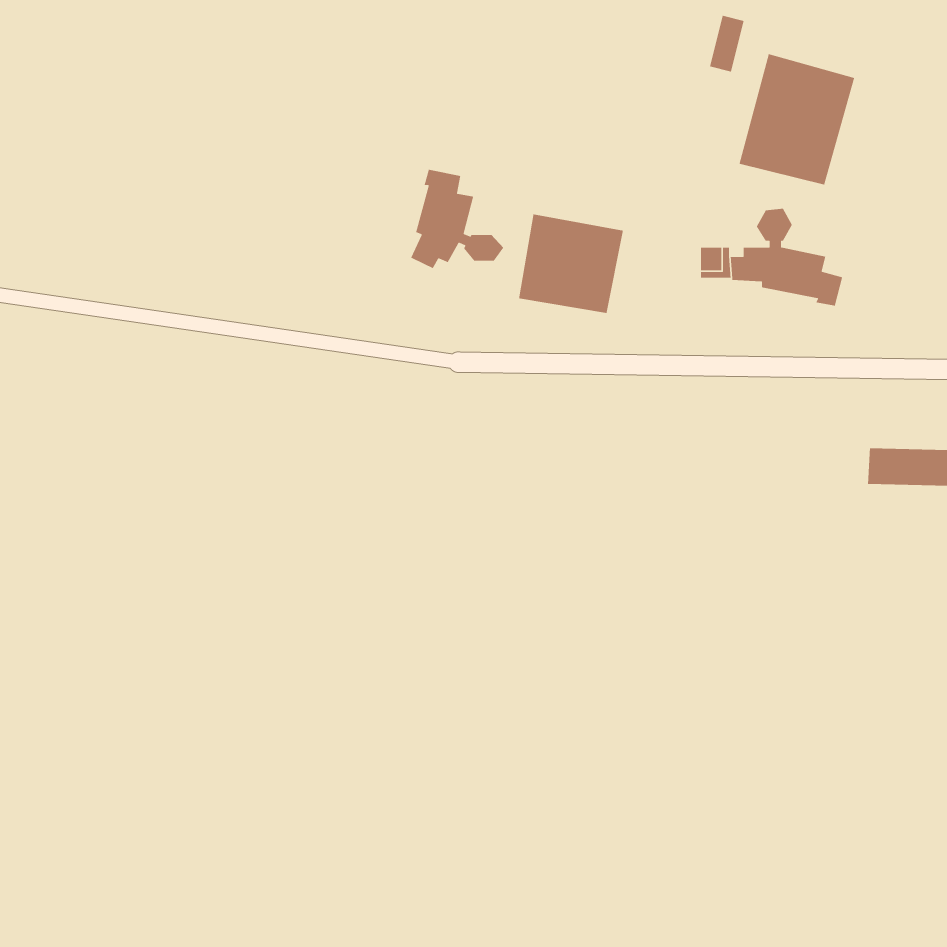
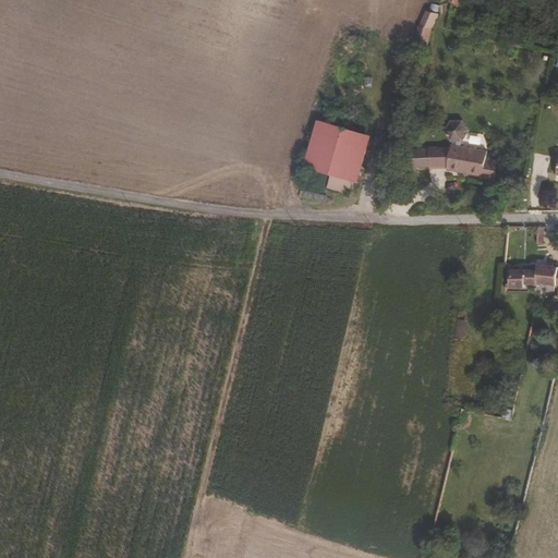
building: [739,53,855,186] -> none
building: [410,169,504,269] -> none

